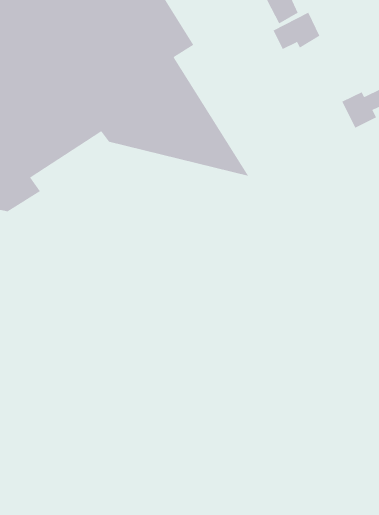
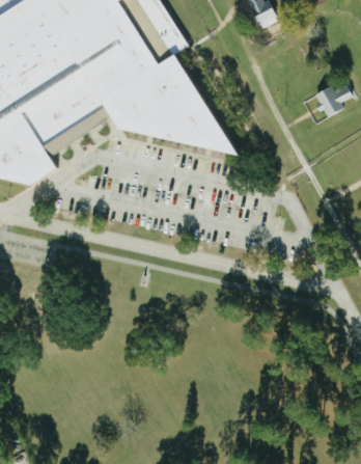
building: [273,12,320,50] -> none

